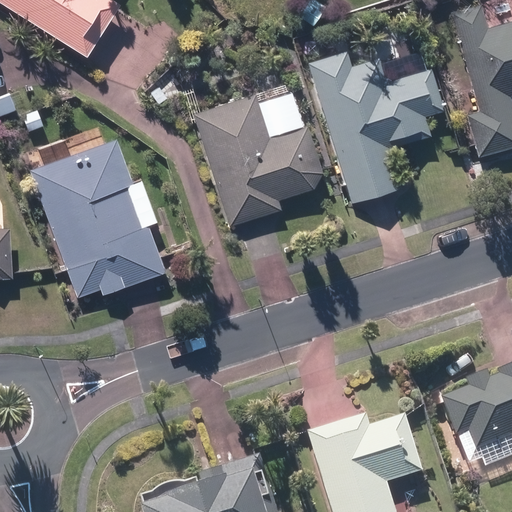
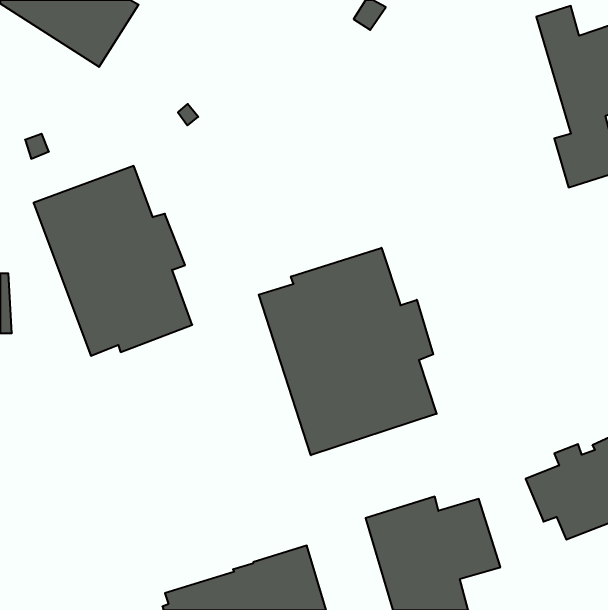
building: [308,53,443,204] -> none
building: [195,95,321,225] -> none
building: none -> [259,248,437,455]

